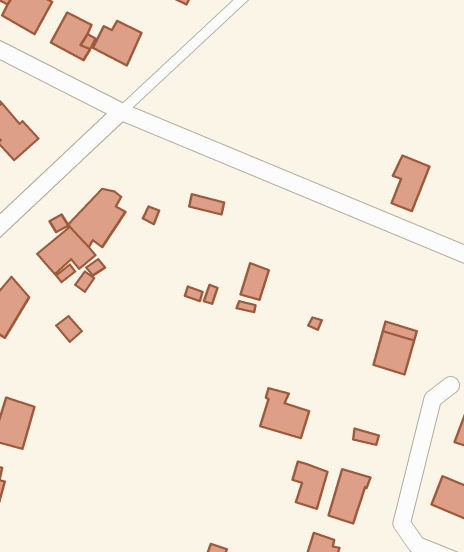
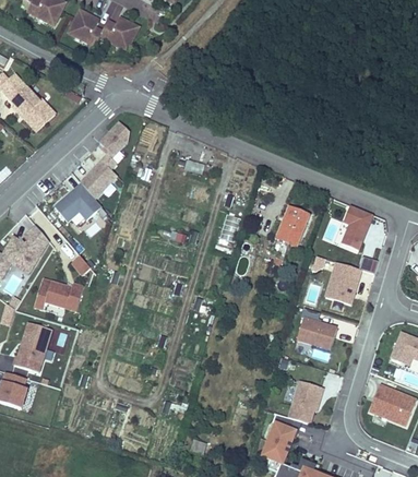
building: none -> [103,120,131,155]
building: [392,156,430,211] -> [342,203,372,248]
building: none -> [273,206,310,257]
building: none -> [34,278,83,309]
building: [260,388,309,438] -> [297,307,336,347]
building: [292,461,328,509] -> none

